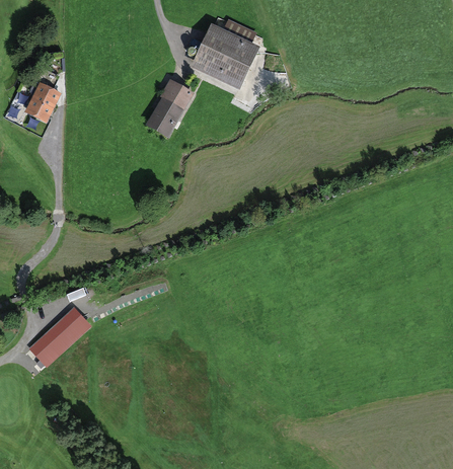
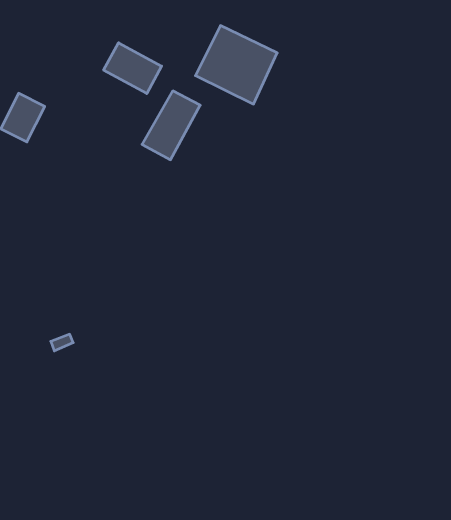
building: none -> [104,43,162,94]
building: [27,307,92,370] -> none

